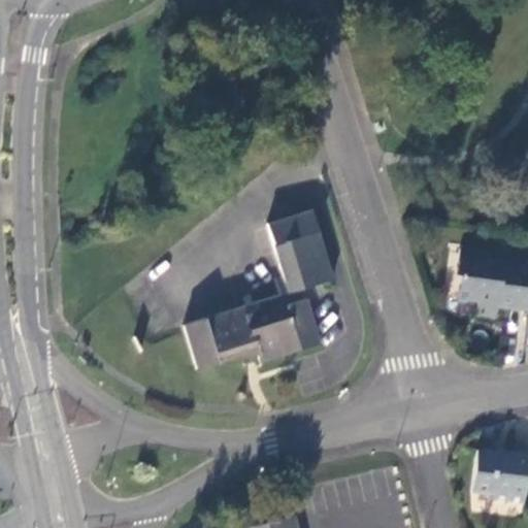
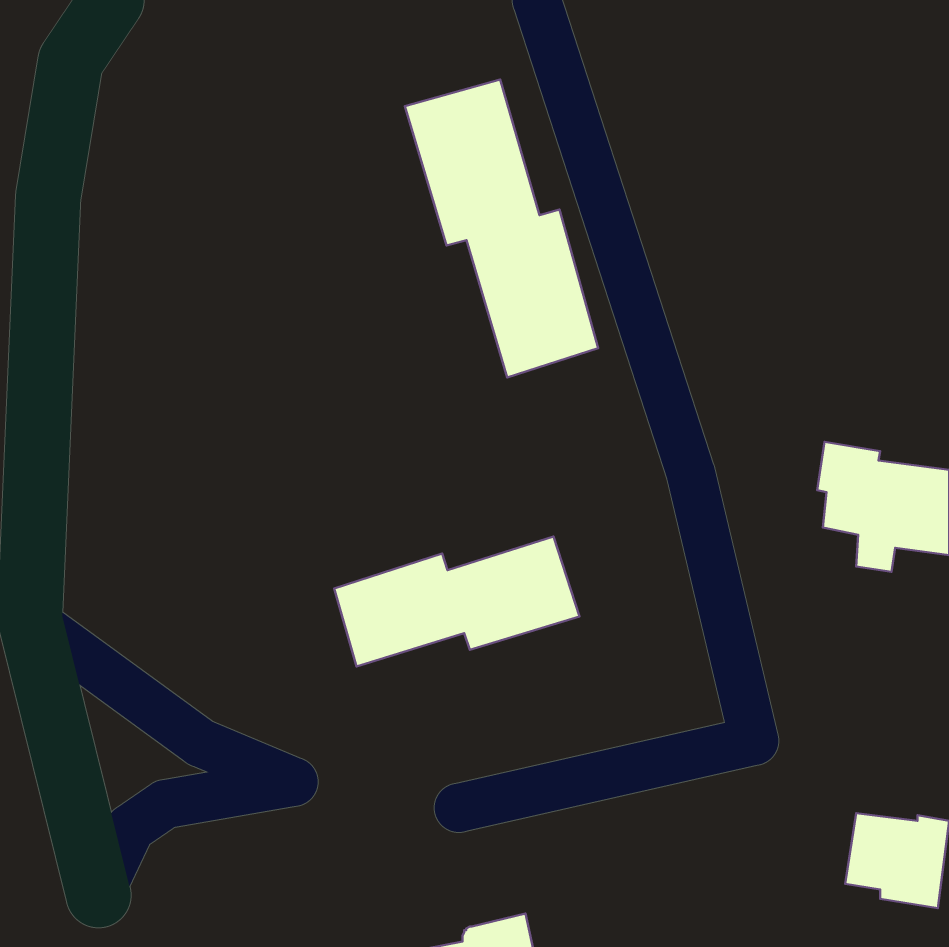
building: none -> [405,80,598,377]
building: [269,209,343,294] -> none

